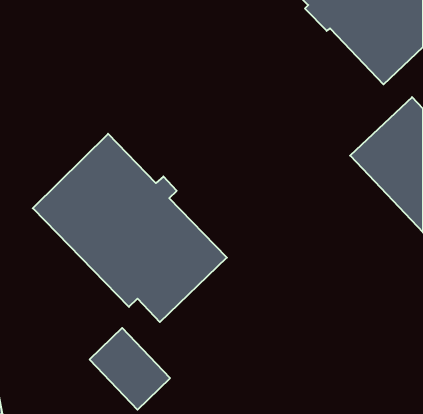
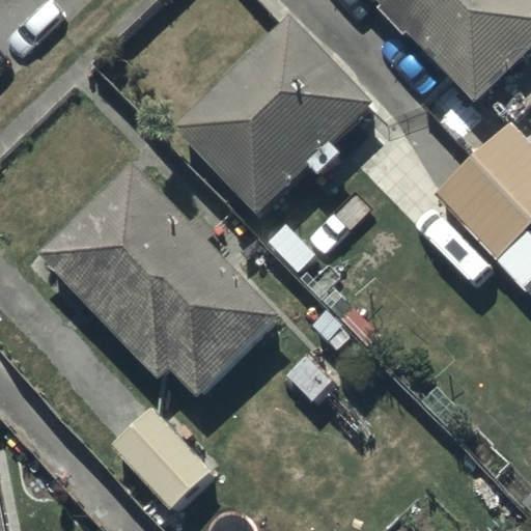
building: none -> [175,18,379,220]

